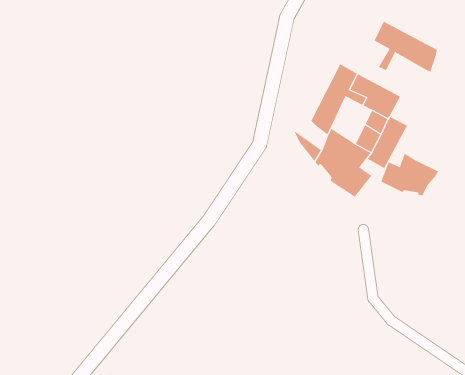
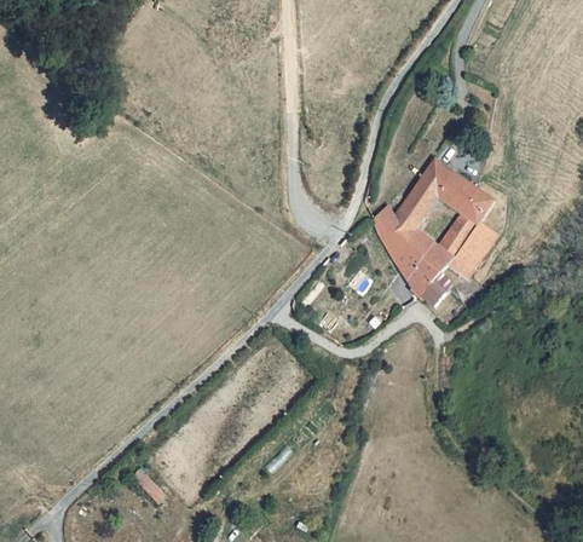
building: [374,21,437,73] -> none
building: none -> [373,204,411,250]
building: [380,153,439,196] -> none

